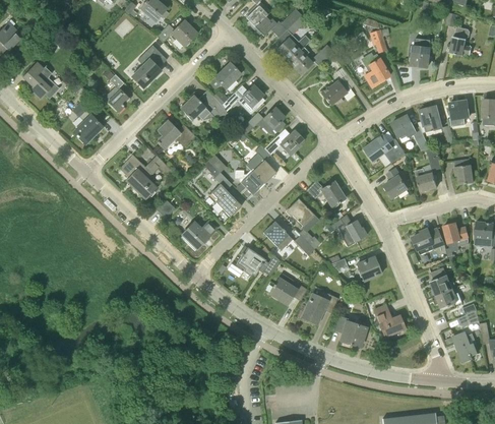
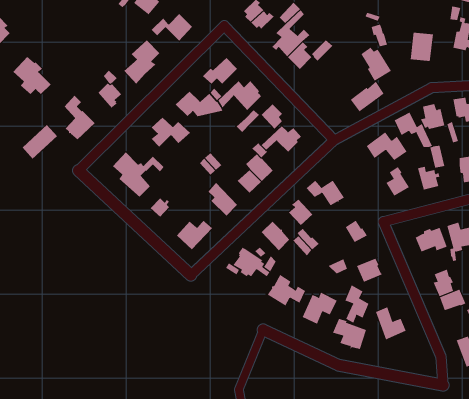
building: [321,73,355,104] -> [350,81,384,112]
building: none -> [22,124,58,160]
building: none -> [345,285,369,323]

